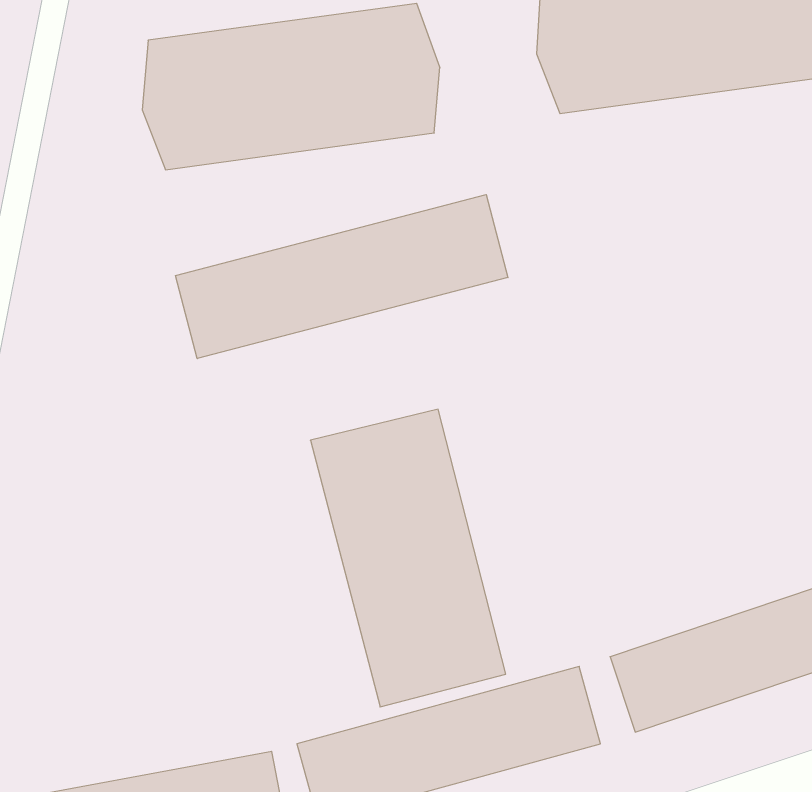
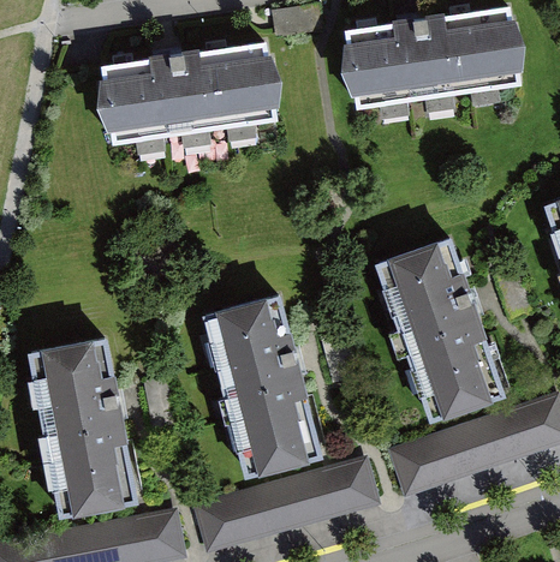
building: [176,195,508,359] -> none
building: none -> [375,238,507,424]
building: none -> [28,339,141,521]

